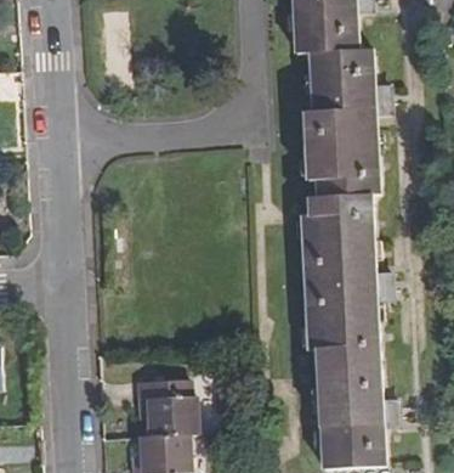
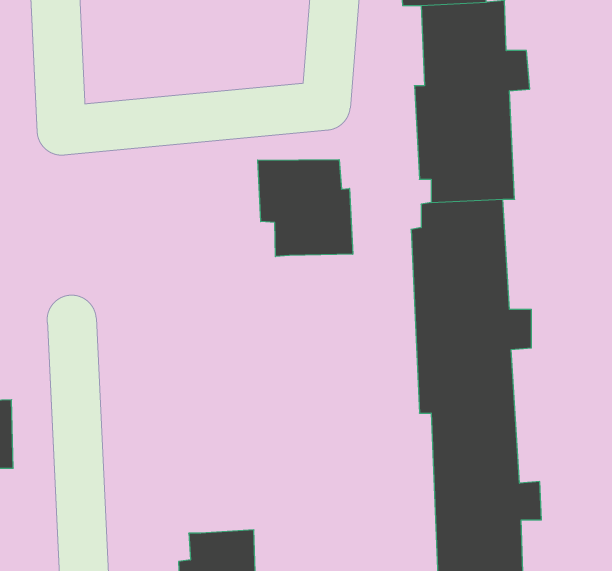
building: none -> [258,160,353,257]
building: [140,379,195,437] -> none

